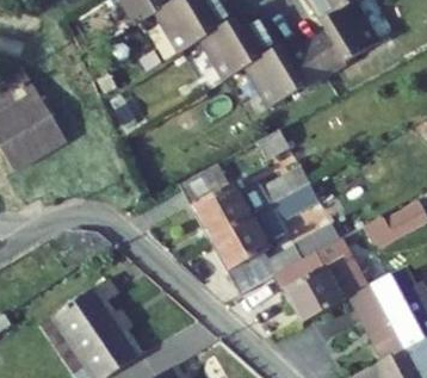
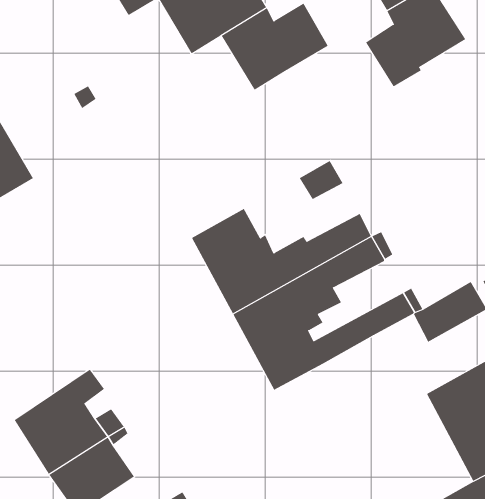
building: [246,44,324,106] -> none
building: [274,255,359,323] -> none

